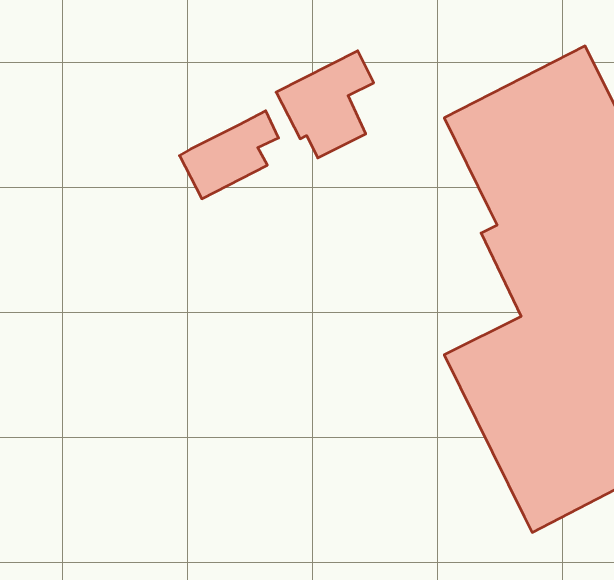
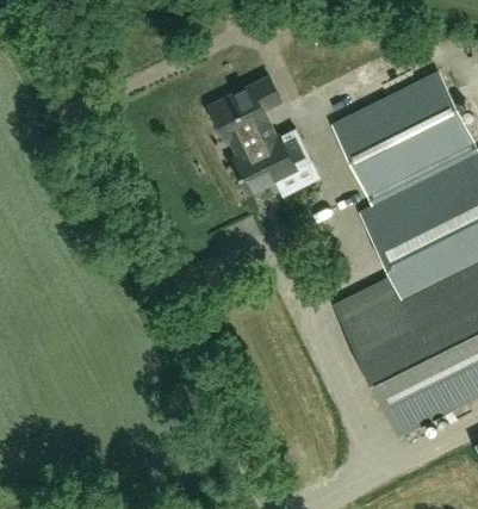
building: [179,111,279,199] -> [232,129,306,194]

